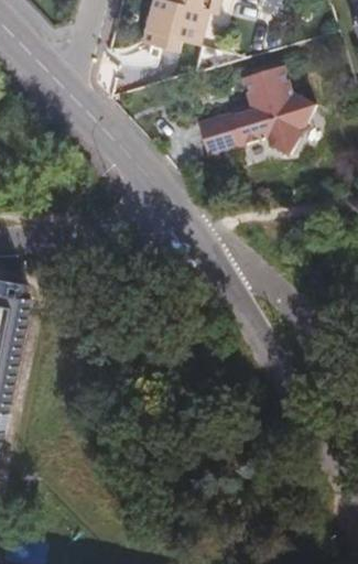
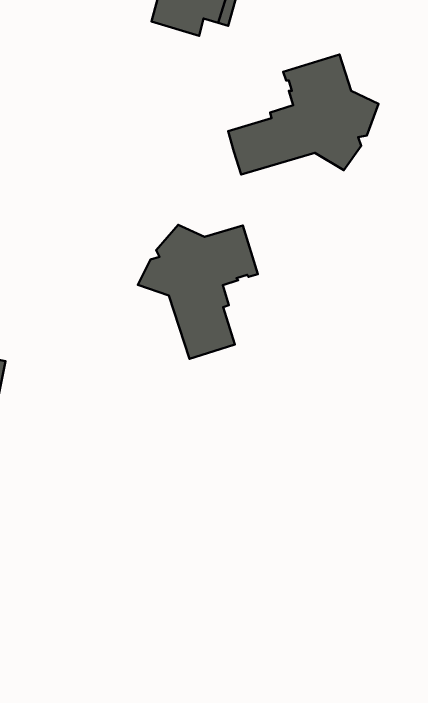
building: none -> [138,225,258,359]

